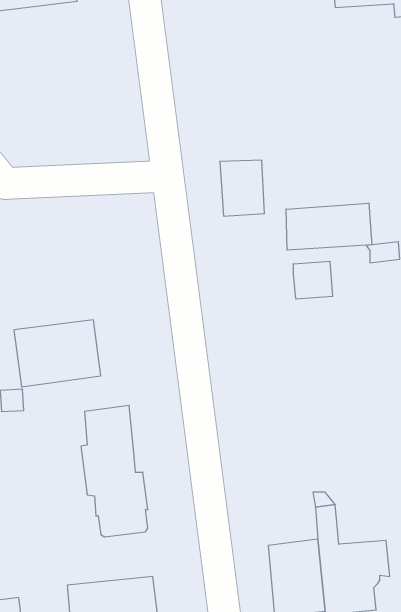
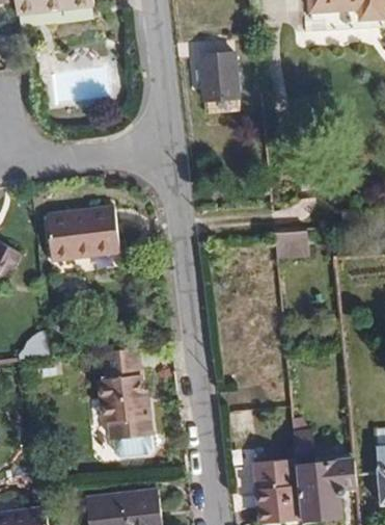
building: [220,160,264,216] -> [200,52,238,99]
building: [286,203,372,250] -> none
building: [14,320,101,387] -> [45,205,117,261]

